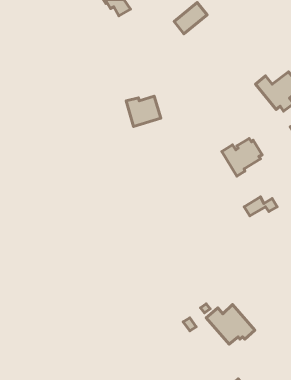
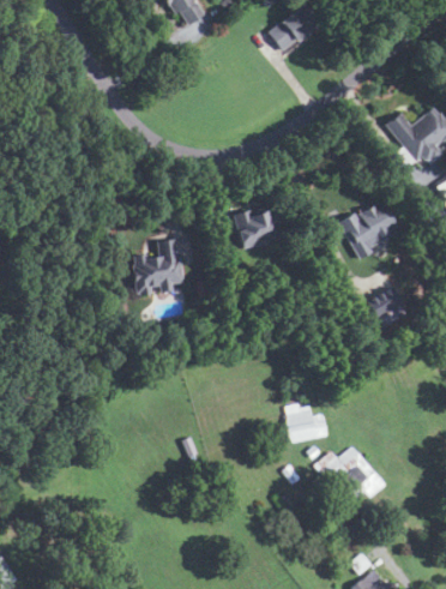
building: [126,96,161,126] -> [233,205,283,250]
building: none -> [131,240,183,297]
building: none -> [285,404,327,441]

